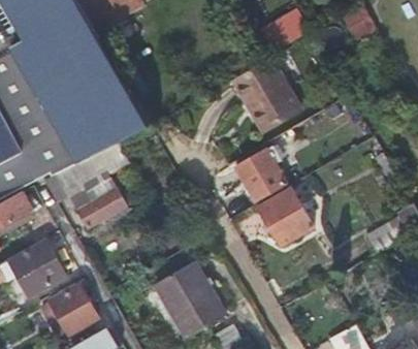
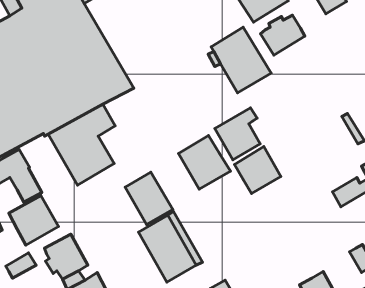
building: none -> [261,15,305,55]
building: none -> [179,136,230,189]
building: none -> [125,172,173,224]

